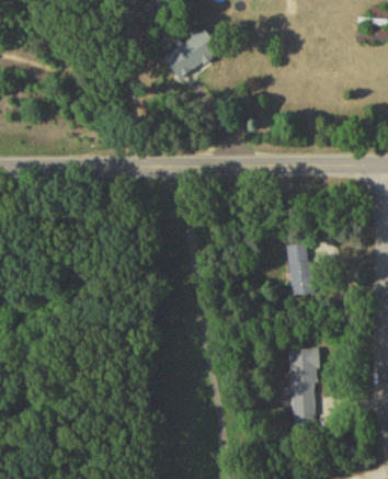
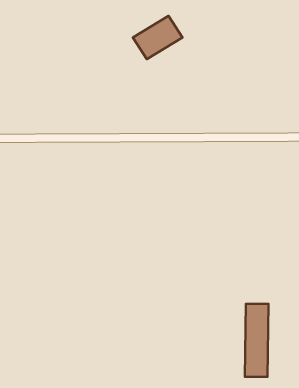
building: [286,241,313,295] -> none

